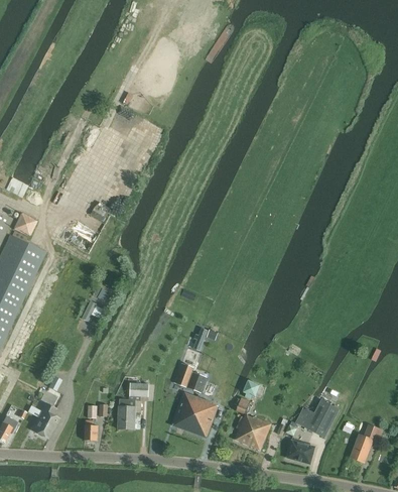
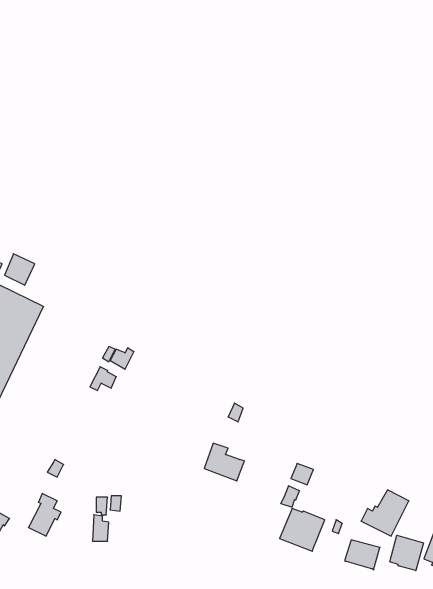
building: [118,376,149,429] -> none
building: [173,392,218,439] -> none
building: none -> [390,535,423,571]

